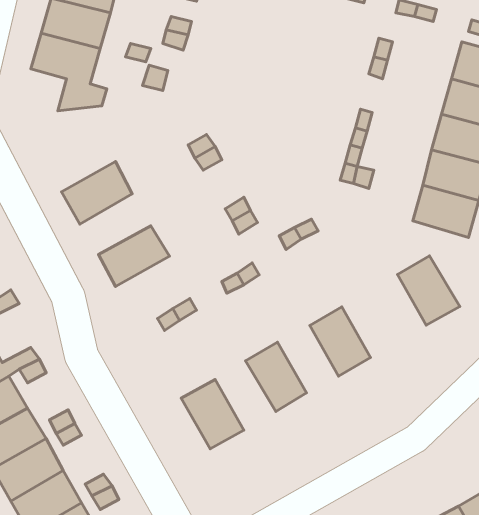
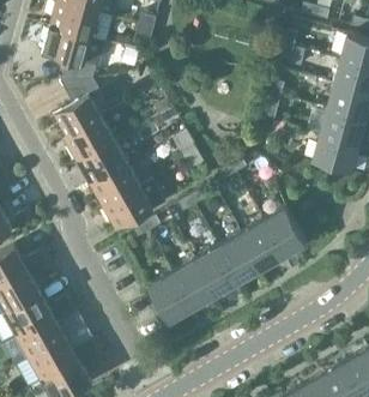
building: none -> [50,79,102,140]
building: none -> [77,142,127,185]
building: none -> [102,179,165,231]
building: [397,256,460,325] -> [262,209,307,258]
building: none -> [217,235,260,283]
building: none -> [173,260,216,309]

